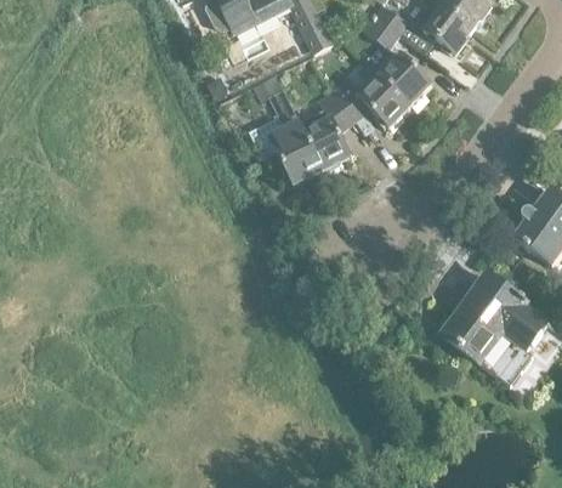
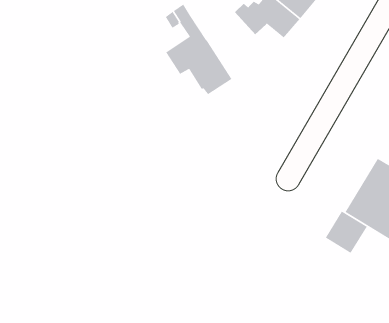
building: [301,90,357,168] -> none
building: none -> [325,210,368,254]

